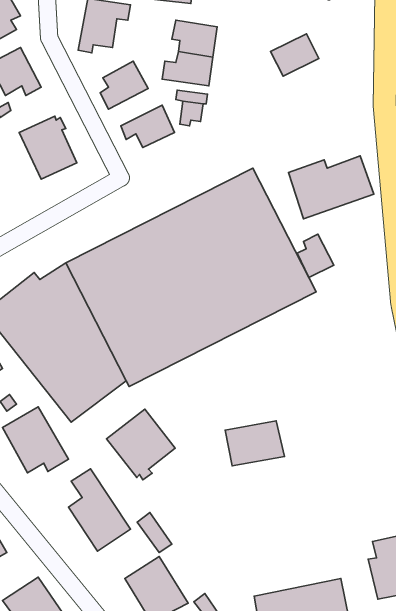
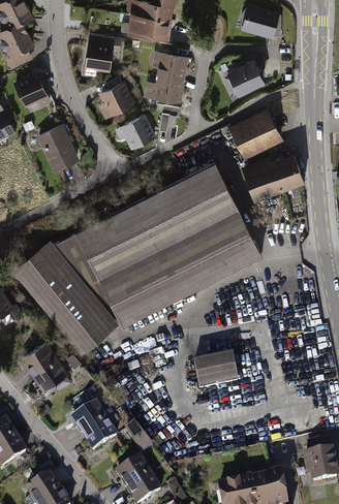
building: none -> [227,111,282,161]
building: [297,234,334,277] -> none
building: [106,409,175,480] -> none

